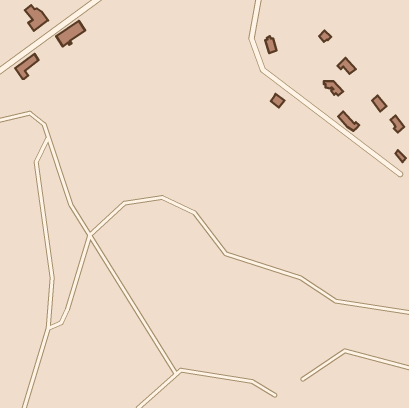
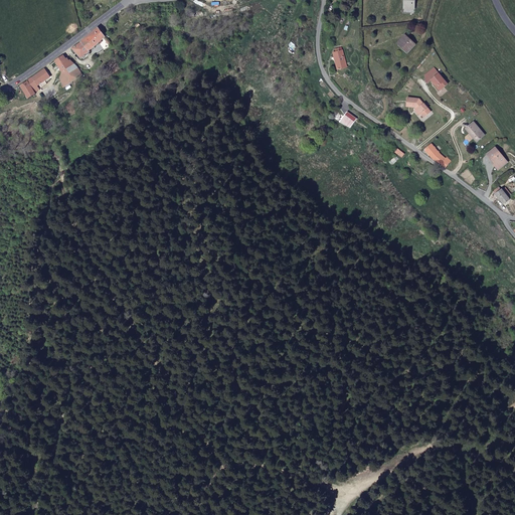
building: [25,5,48,31] -> [53,54,82,87]

